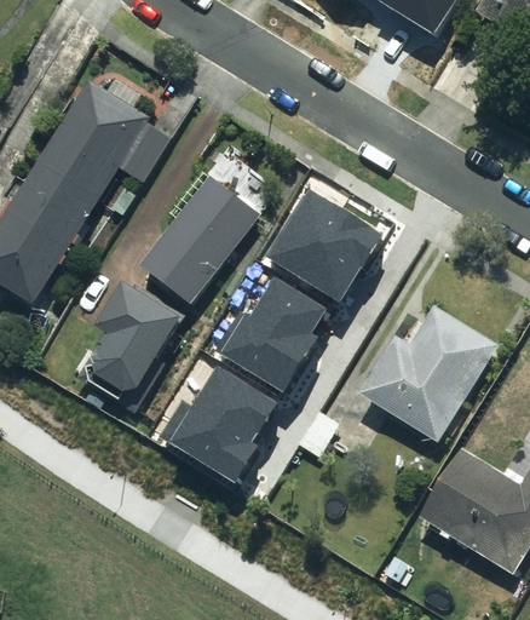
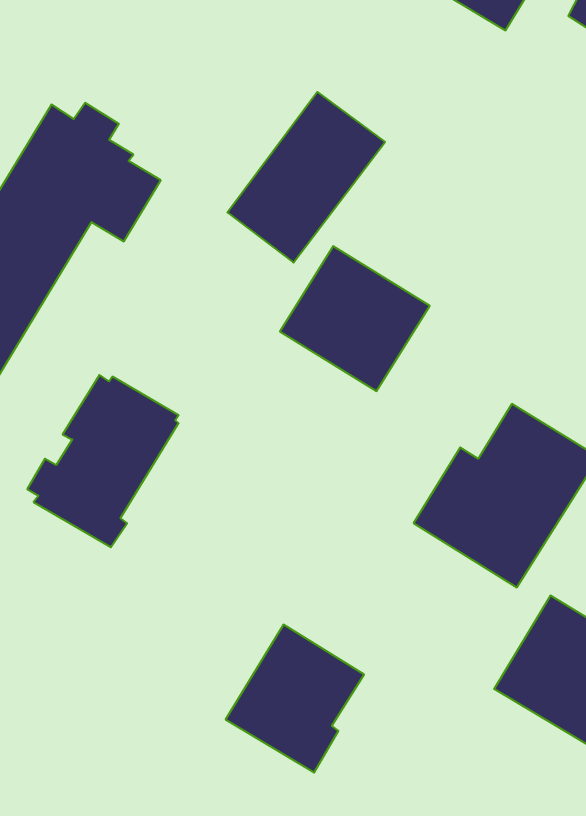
building: [142,176,260,304] -> [227,92,385,263]
building: [213,276,319,388] -> none
building: [163,363,267,475] -> [226,625,364,773]

